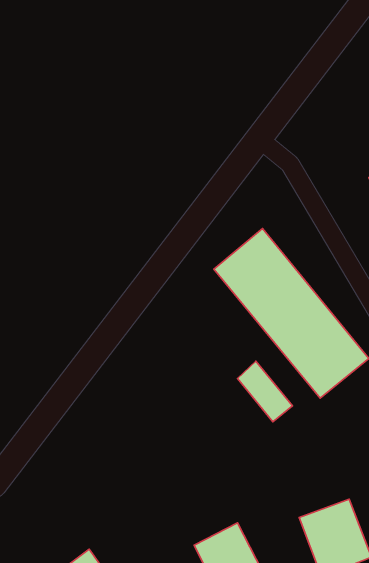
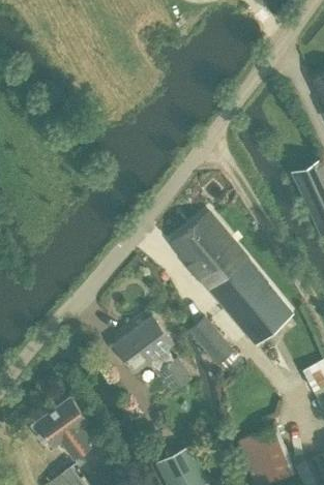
building: none -> [115,316,190,392]
building: none -> [36,396,100,465]

